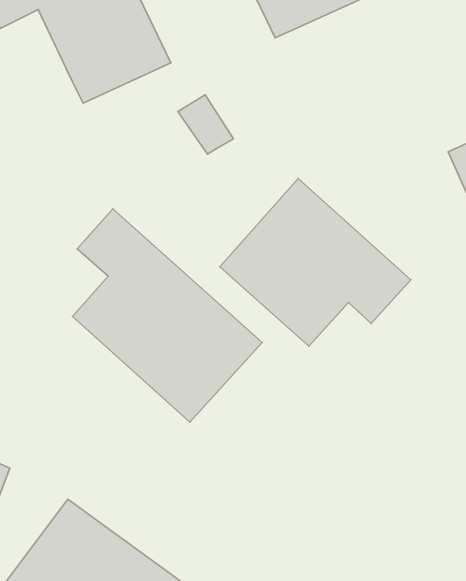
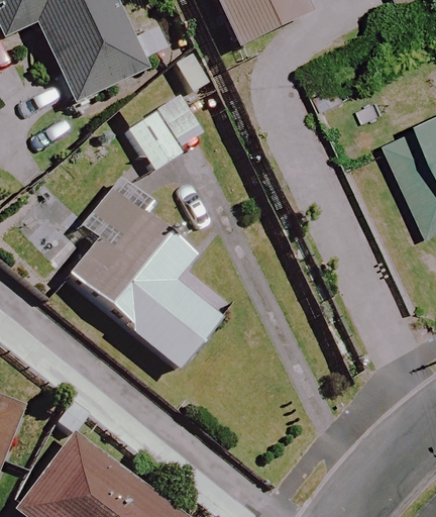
building: [220,179,411,346] -> none

